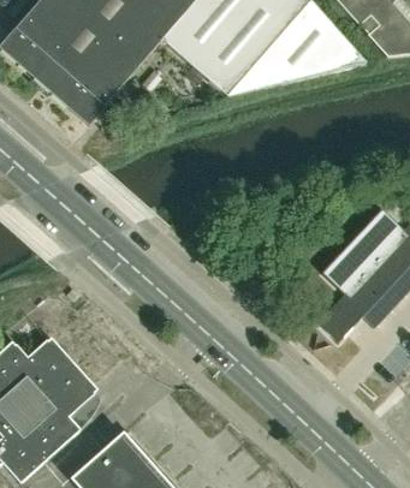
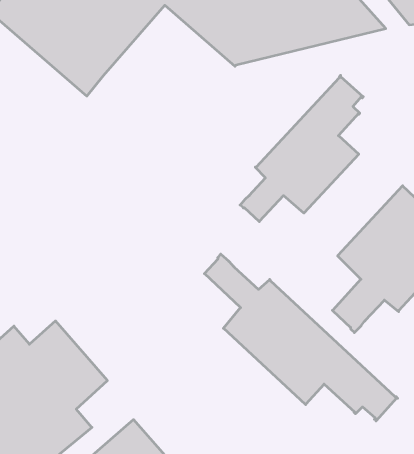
building: none -> [240,75,363,222]
building: none -> [204,254,398,421]

